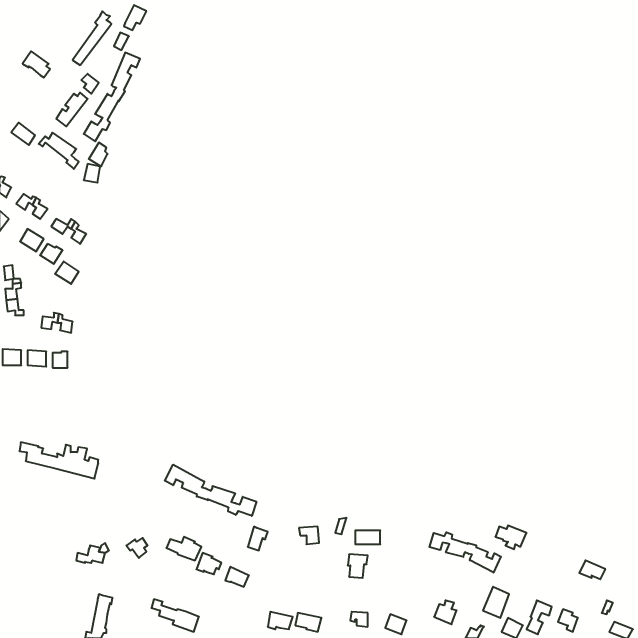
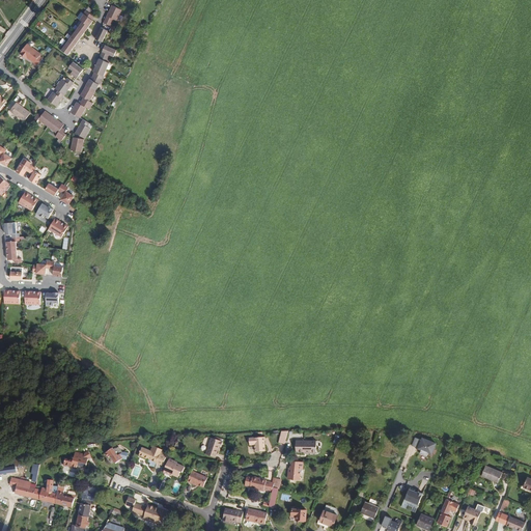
building: [19,442,98,479] -> [9,477,75,507]
building: [165,465,256,516] -> none
building: [429,532,501,573] -> none
building: none -> [244,476,279,506]

